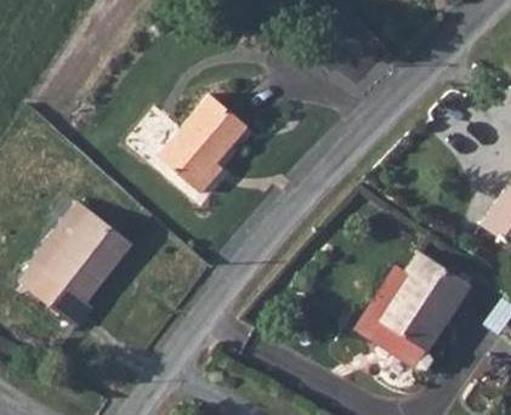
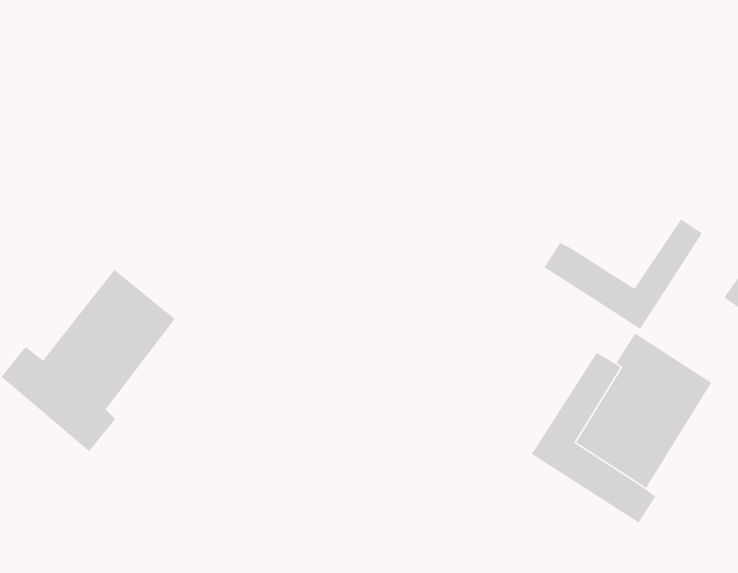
building: [160,92,251,192] -> none
building: none -> [543,218,703,330]

